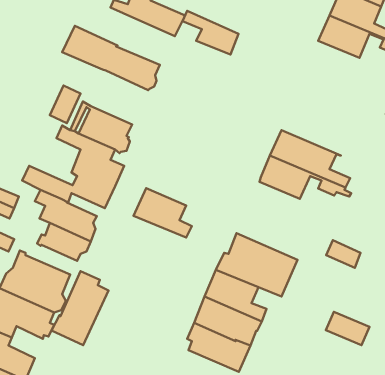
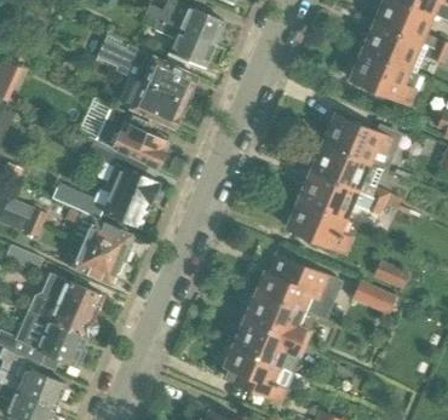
building: [182,11,239,55] -> [153,21,212,67]
building: none -> [351,50,425,102]
building: none -> [124,80,185,128]
building: none -> [324,114,403,171]
building: [134,188,192,237] -> [288,199,350,251]
building: [51,271,108,345] -> none
building: [326,312,369,345] -> [350,280,396,315]

